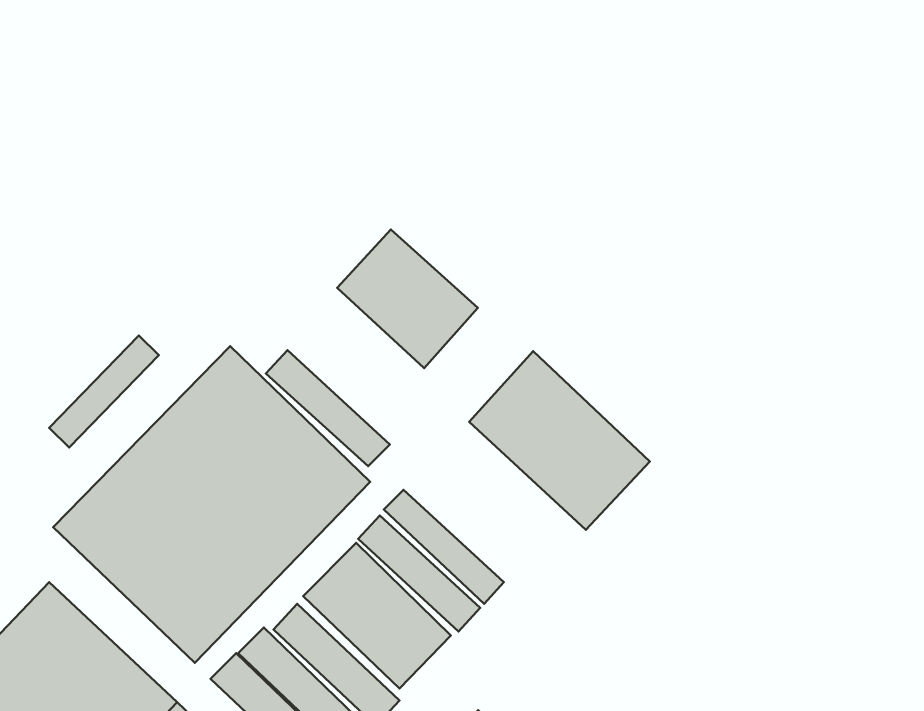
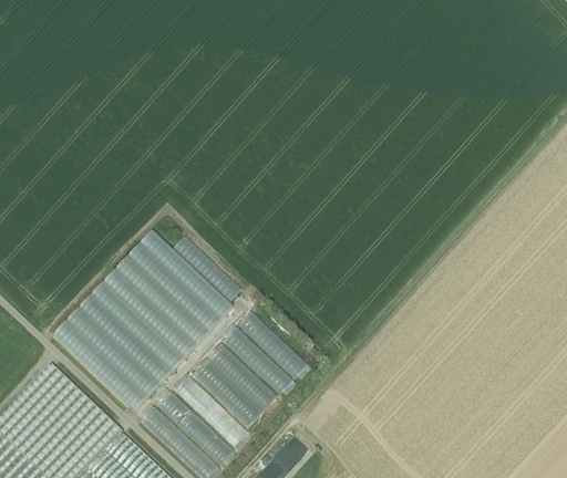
building: [337,230,478,368] -> none
building: [49,336,159,447] -> none
building: [469,351,650,530] -> none

